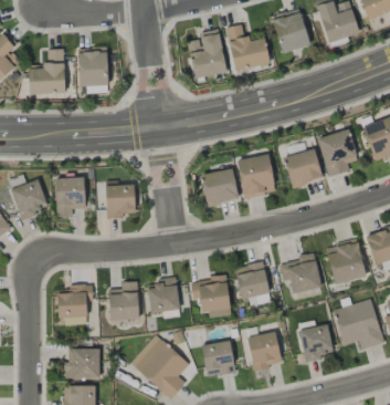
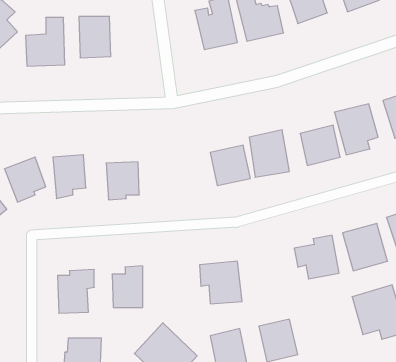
building: [235,262,268,298] -> none
building: [148,277,180,312] -> none
building: [298,324,335,362] -> none

